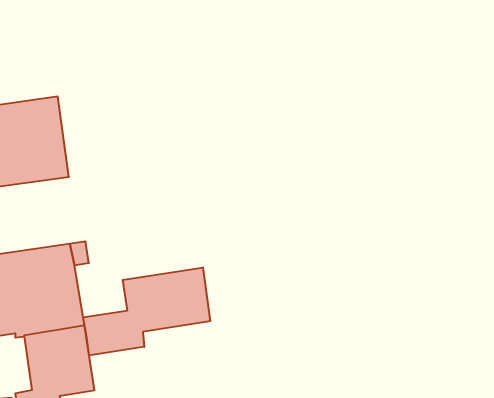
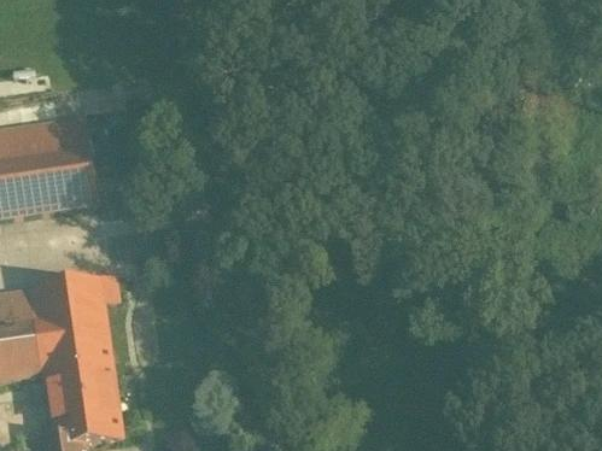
building: [83,267,210,356] -> none

